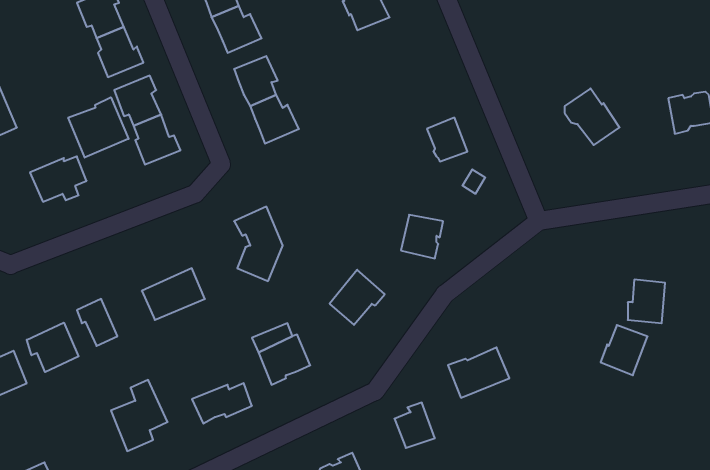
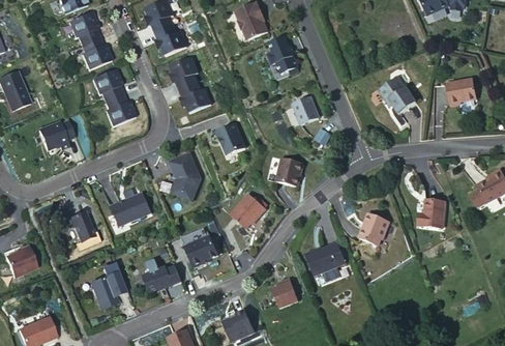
building: none -> [266,35,298,74]
building: [68,97,129,158] -> none
building: none -> [215,122,244,153]
building: [27,323,79,372] -> none
building: [601,325,648,375] -> [358,213,388,246]

